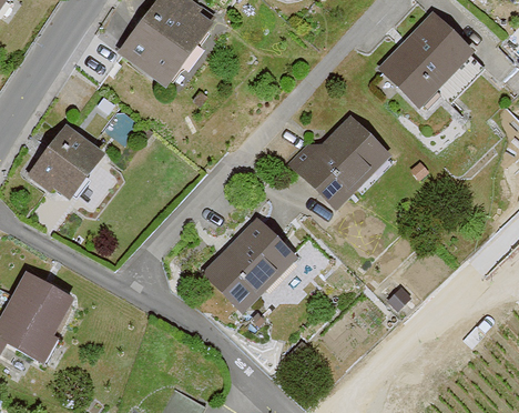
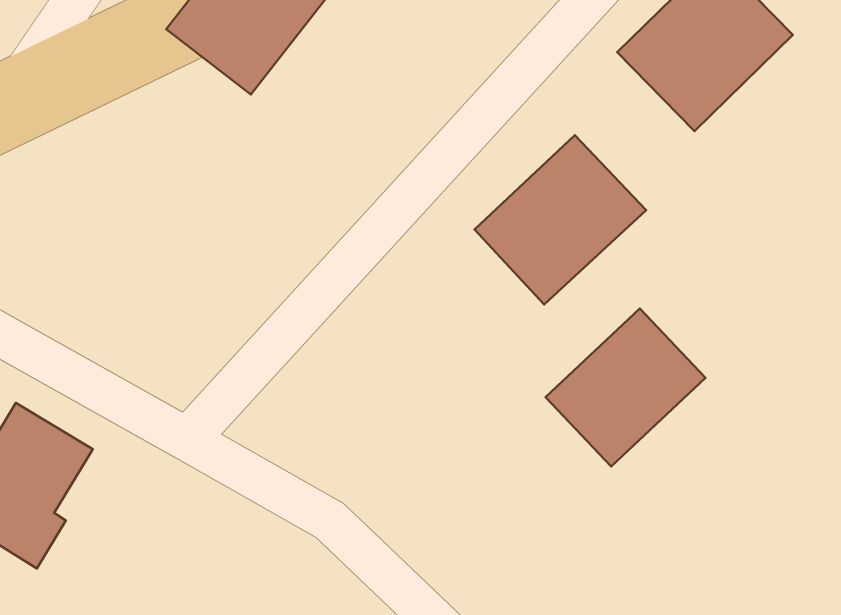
building: [27,122,105,203] -> none
building: [205,220,297,311] -> [545,309,705,467]

